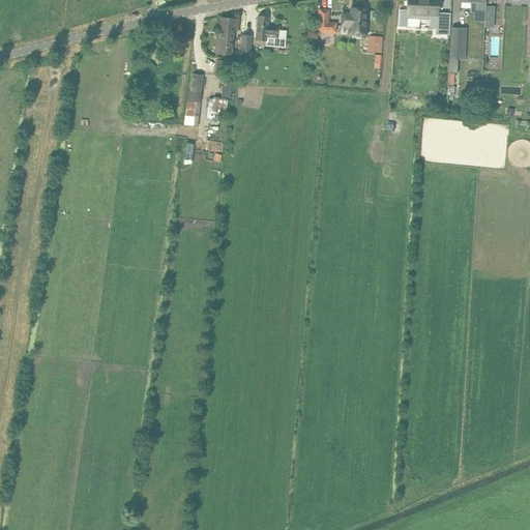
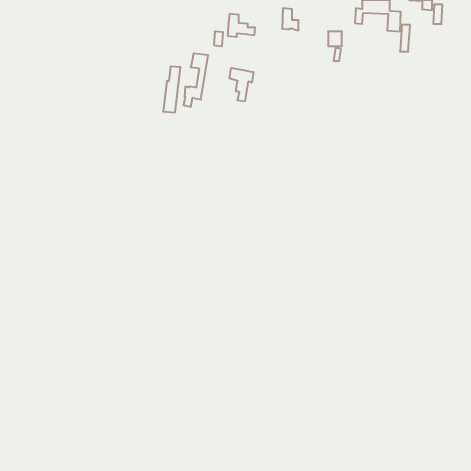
building: [341,7,367,35] -> none
building: [215,18,239,52] -> none
building: none -> [229,68,254,101]

